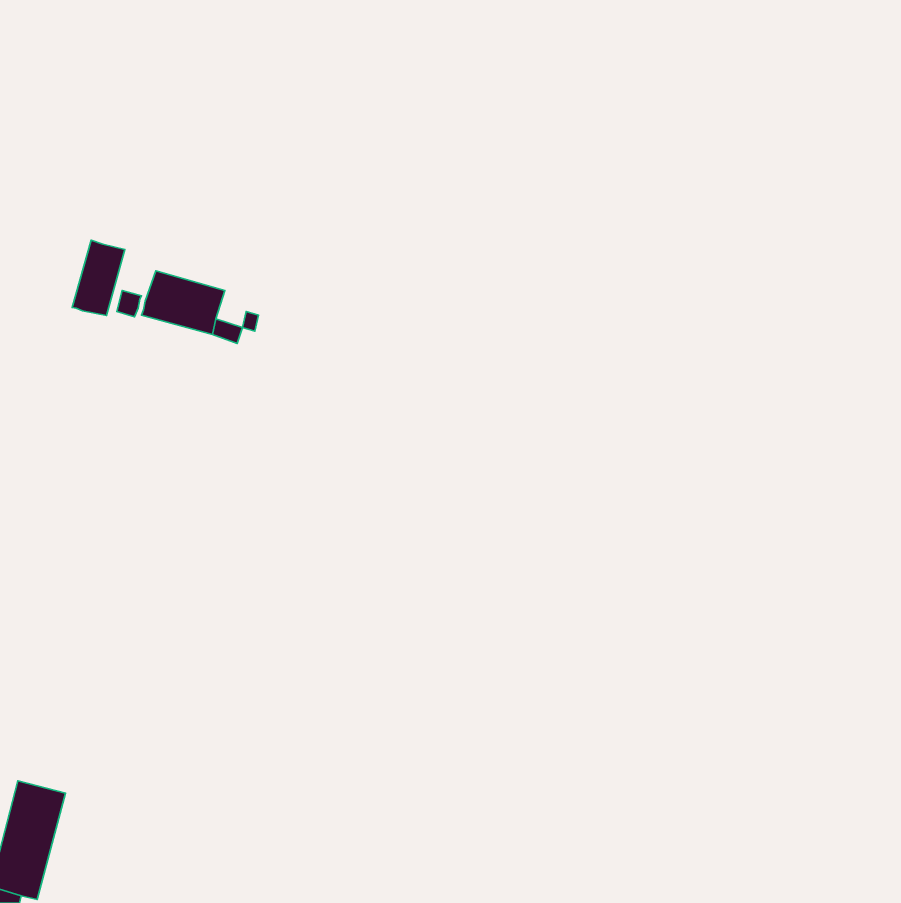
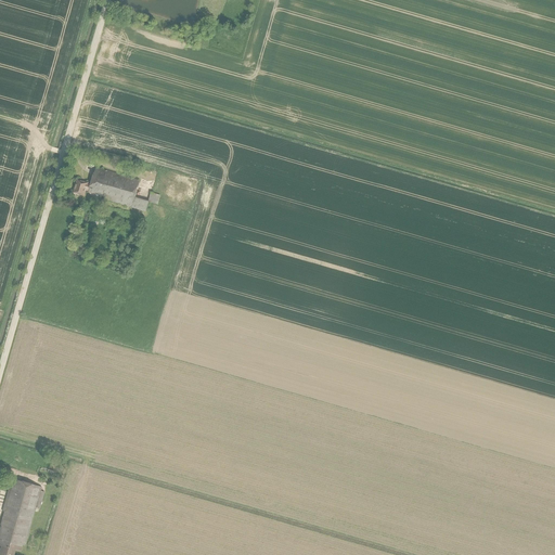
building: [72,240,125,315] -> none

